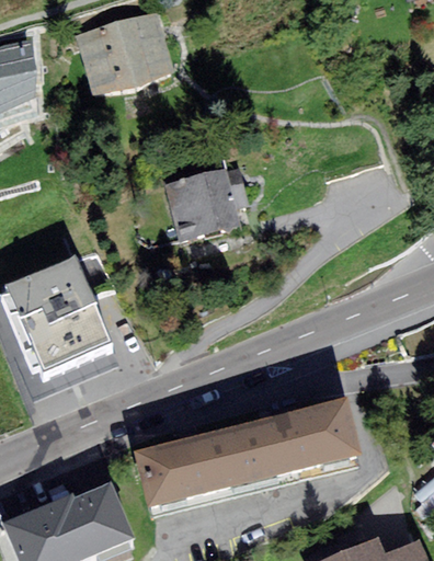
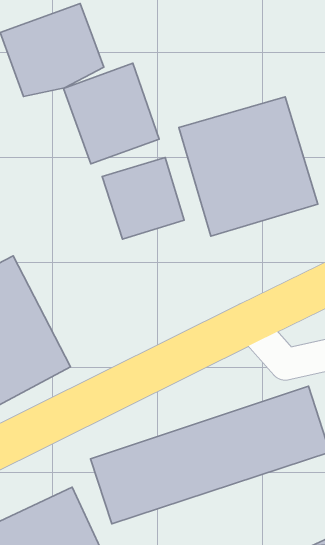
building: none -> [64,63,159,164]
building: none -> [179,97,318,236]

